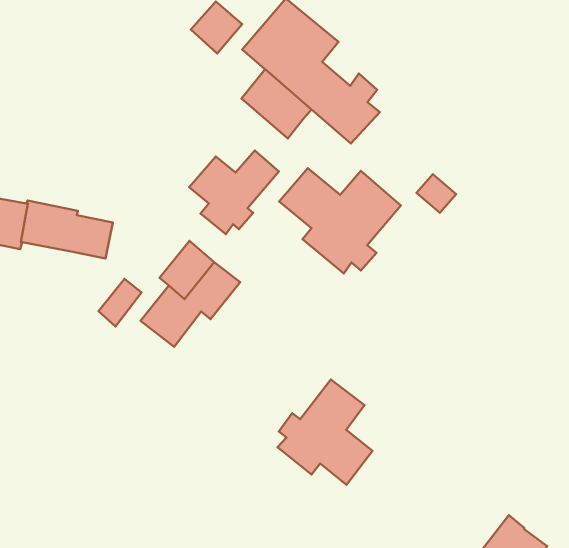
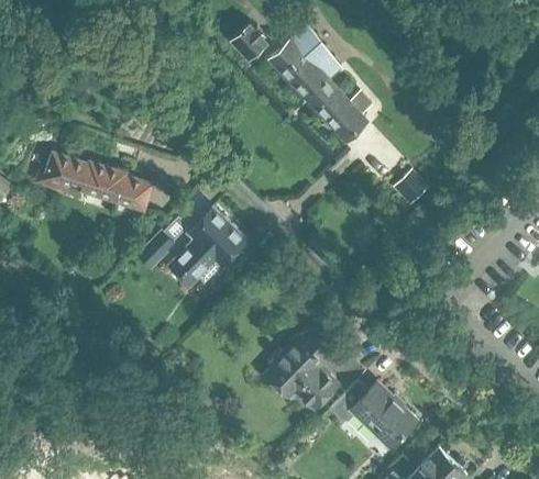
building: [242,69,312,139] -> none
building: [189,151,279,234] -> none
building: [279,168,401,274] -> none
building: none -> [330,380,418,448]

